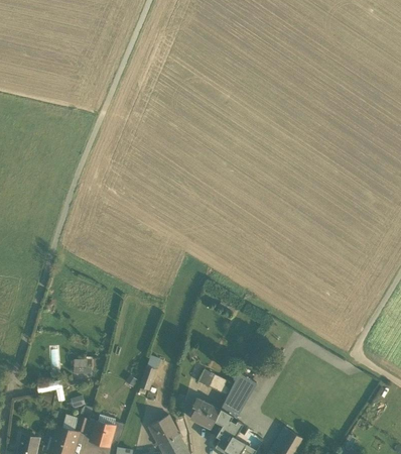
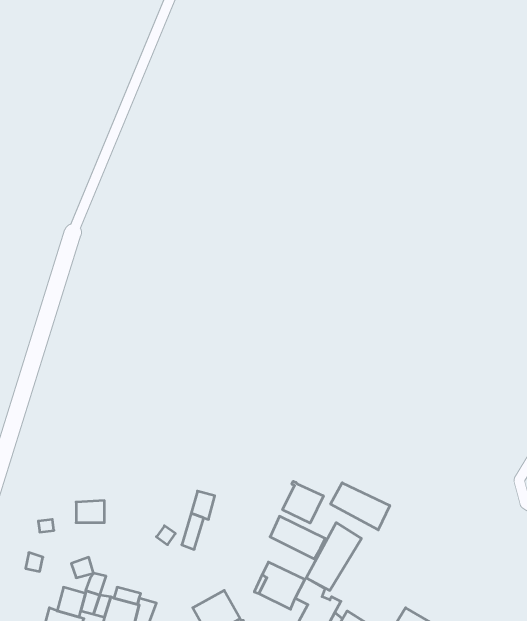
building: none -> [283,481,323,523]
building: none -> [331,483,390,530]

